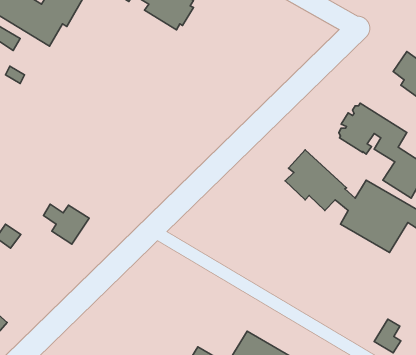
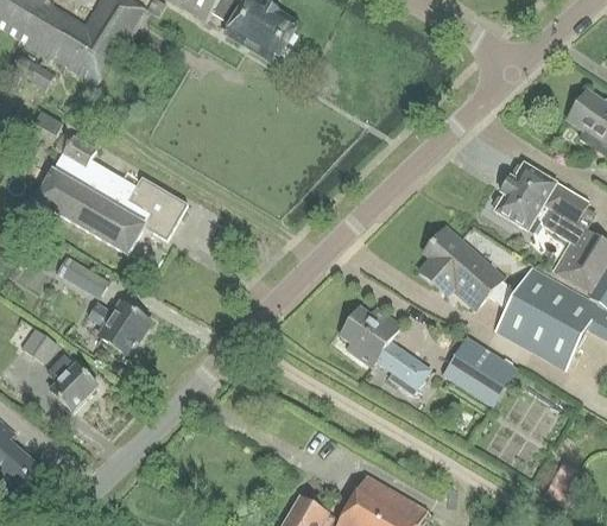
building: none -> [34,135,186,254]
building: none -> [55,253,109,298]
building: none -> [340,305,429,394]
building: none -> [441,336,516,405]
building: none -> [46,353,96,410]

